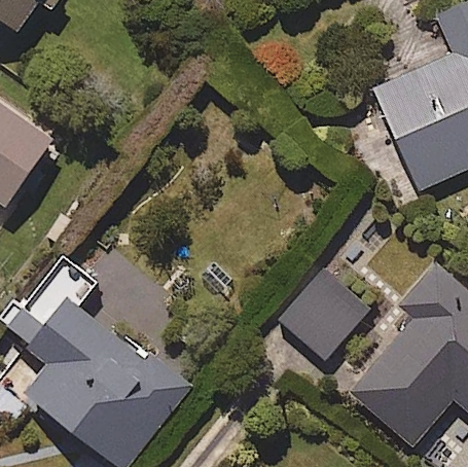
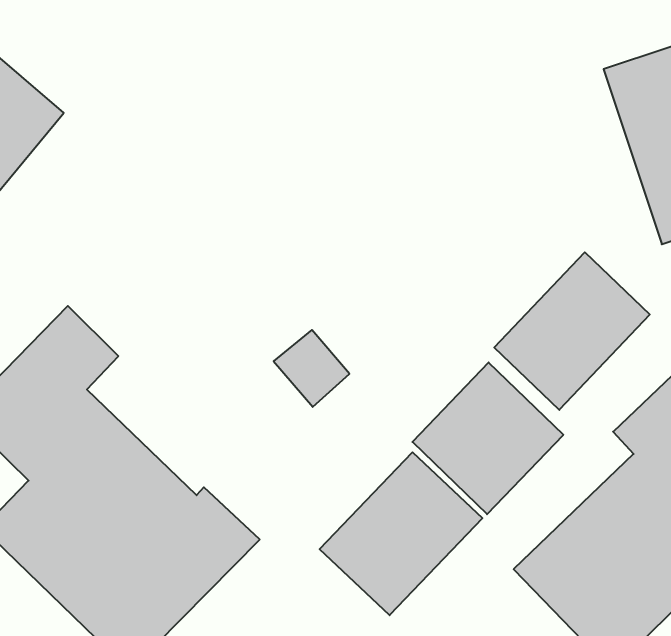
building: none -> [494,252,650,410]
building: none -> [320,452,482,615]

